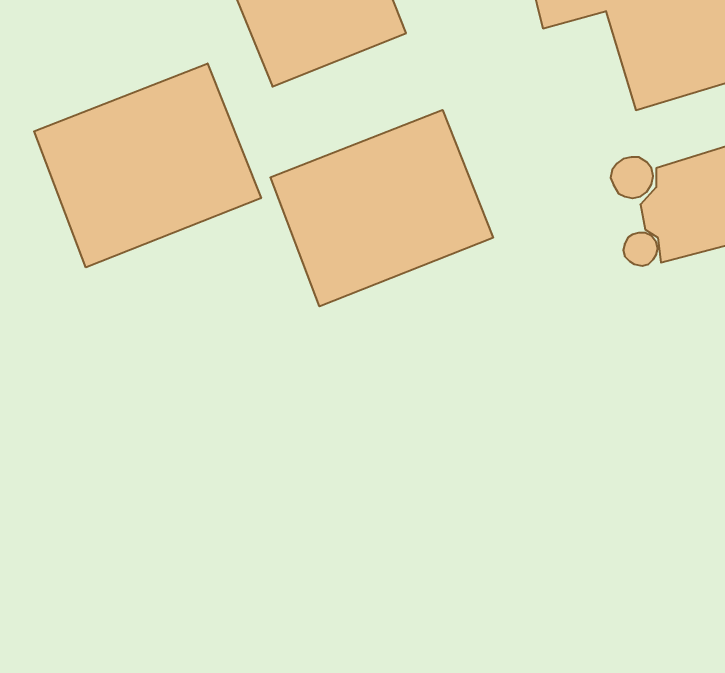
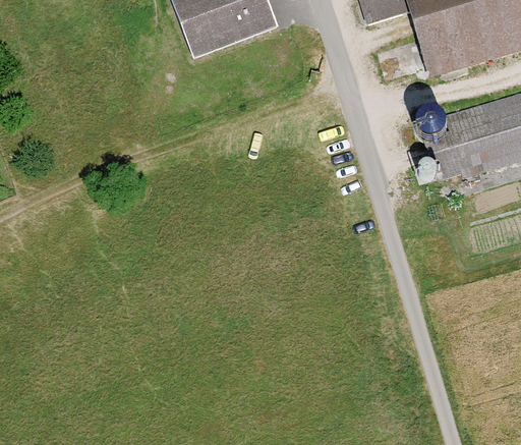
building: [34,63,261,267] -> none
building: [270,110,493,306] -> none

